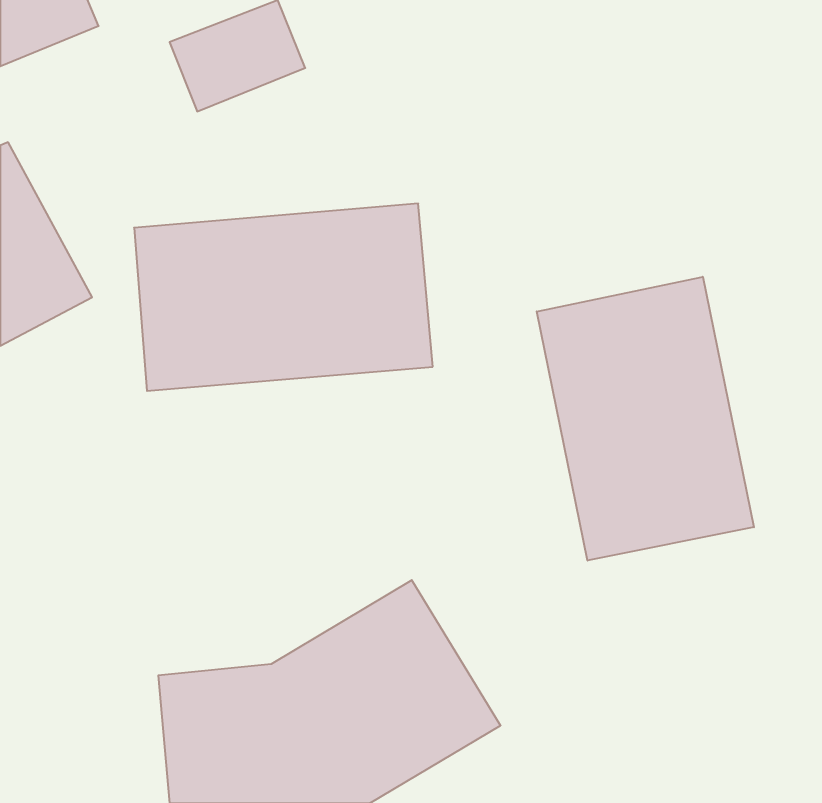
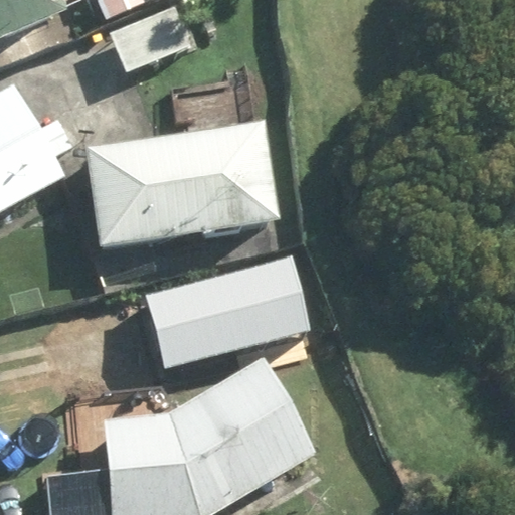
building: [537,277,754,561] -> none
building: none -> [206,259,311,353]

